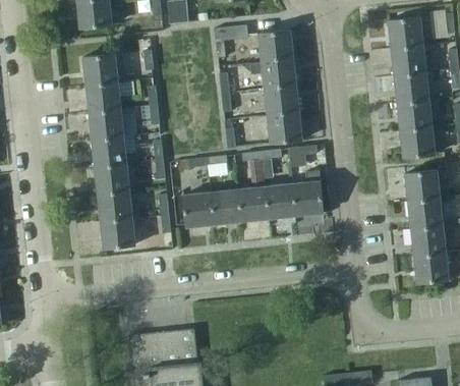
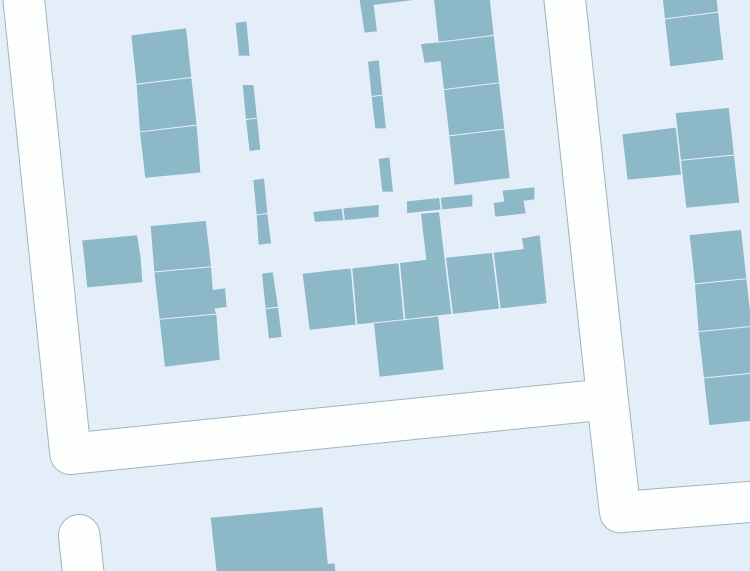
building: [394,72,428,103] -> [622,127,682,180]
building: [92,137,127,168] -> [81,235,143,288]
building: none -> [374,316,444,377]

